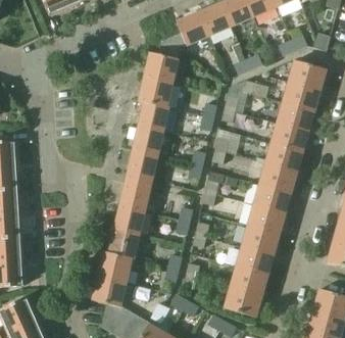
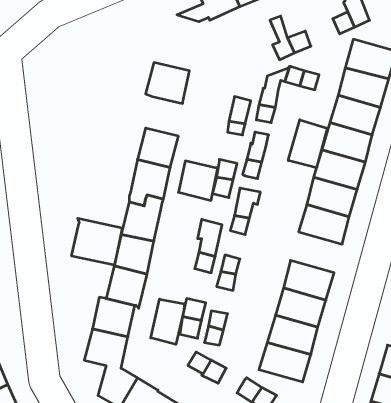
building: [145,41,179,83] -> none
building: [139,102,168,132] -> [178,161,218,200]
building: none -> [288,120,327,168]
building: none -> [72,218,122,265]
building: [247,203,286,234] -> none
building: none -> [151,299,185,344]

